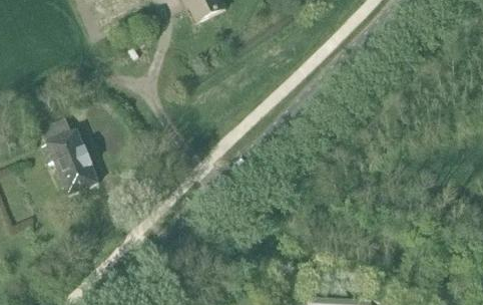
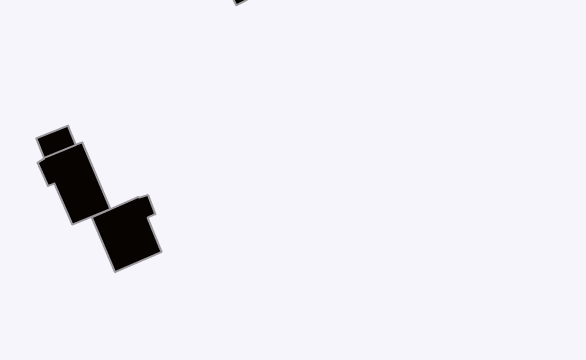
building: none -> [92,195,161,272]

